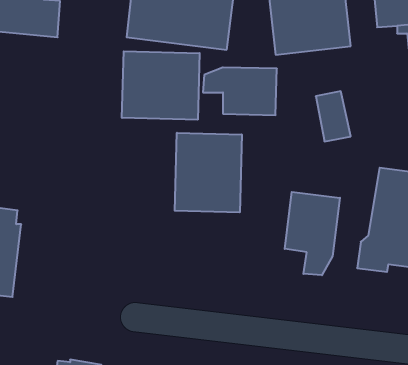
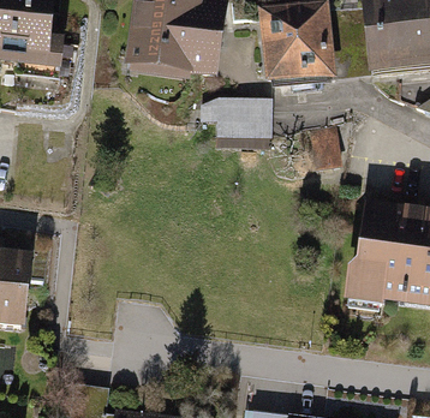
building: [122,51,200,120] -> none
building: [175,133,242,212] -> none
building: [285,192,340,275] -> none

